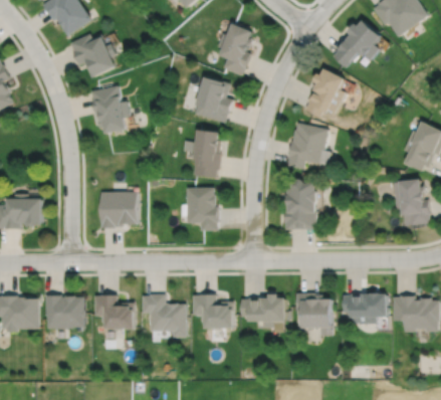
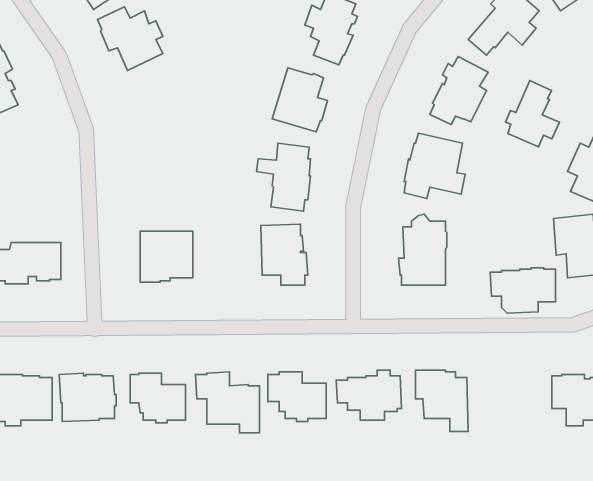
building: [90,86,131,135] -> none
building: none -> [505,81,559,147]
building: [342,290,388,323] -> [490,268,555,313]

